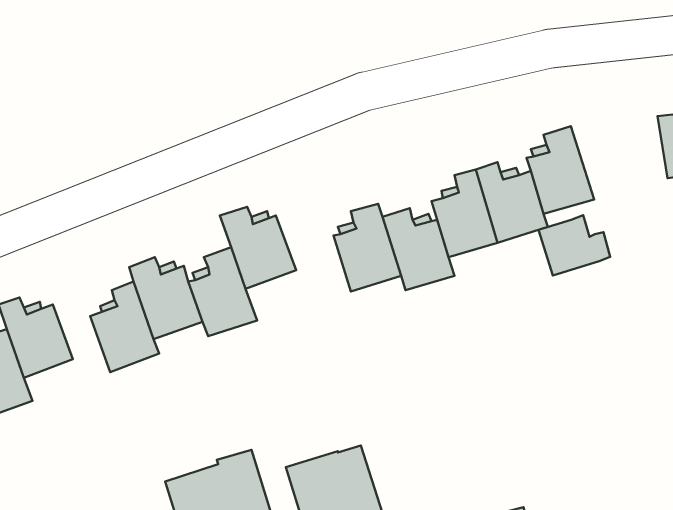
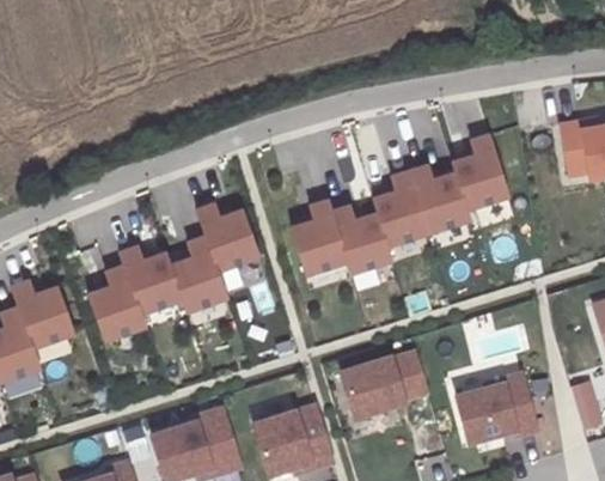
building: [538,215,610,276] -> none
building: none -> [340,353,423,415]
building: none -> [454,375,534,443]

